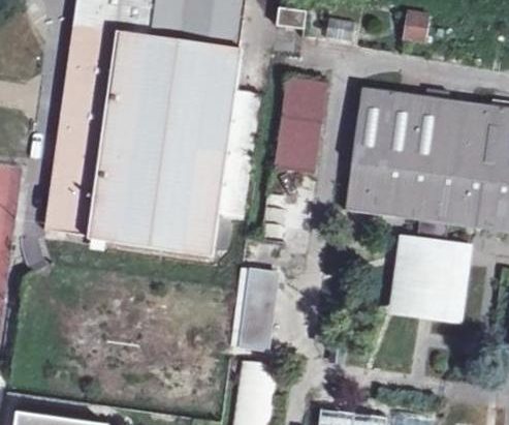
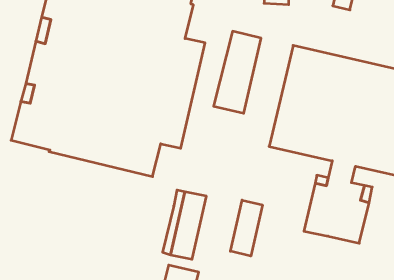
building: none -> [230,200,262,256]

